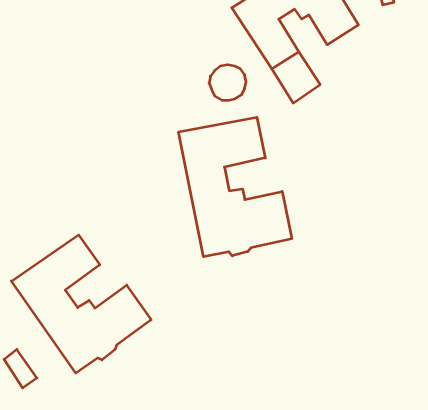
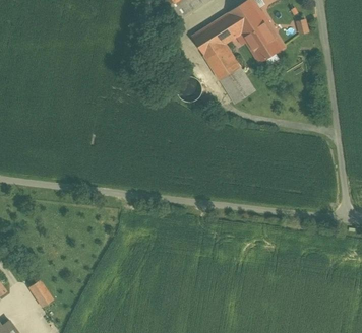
building: [179,117,292,257] -> none
building: [11,235,151,373] -> none

